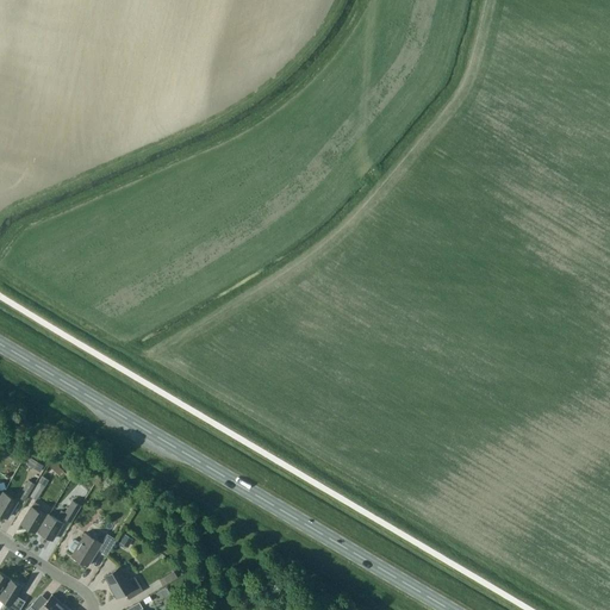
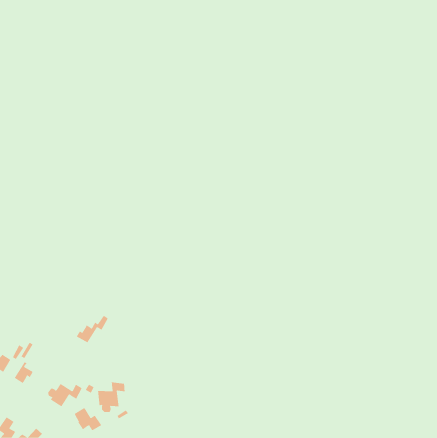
building: [33,500,79,540] -> [76,315,109,343]
building: none -> [97,382,125,413]

